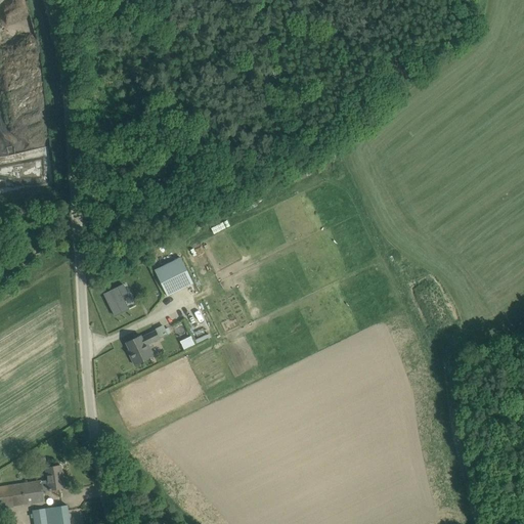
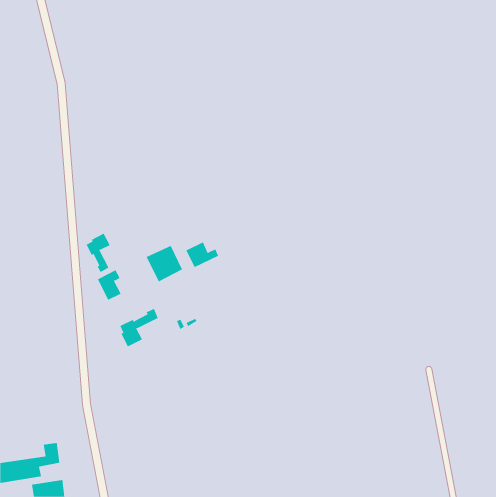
building: none -> [86,233,111,273]
building: none -> [186,241,219,268]

